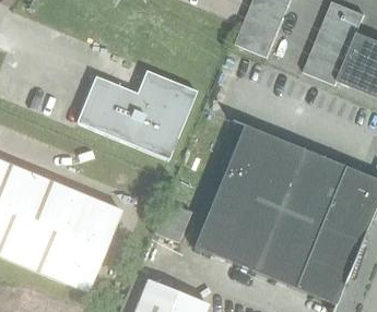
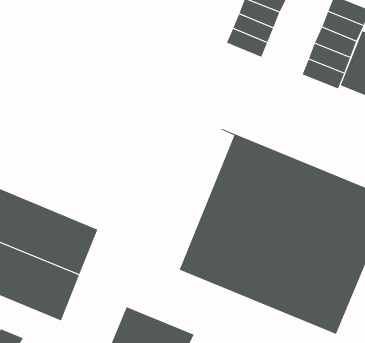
building: [75,69,196,158] -> none

